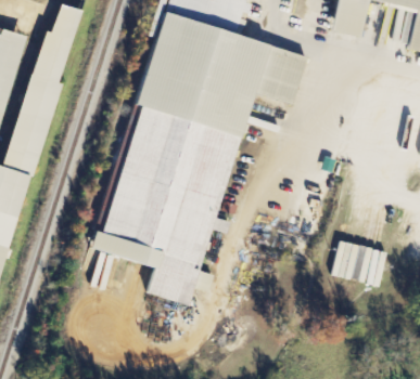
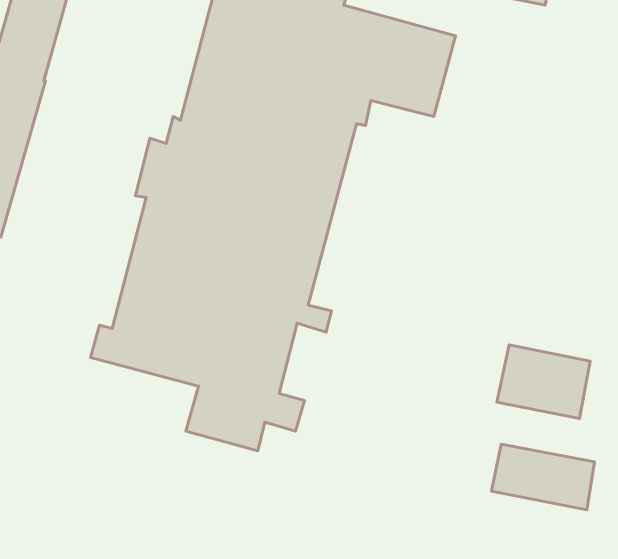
building: none -> [491,444,595,510]

